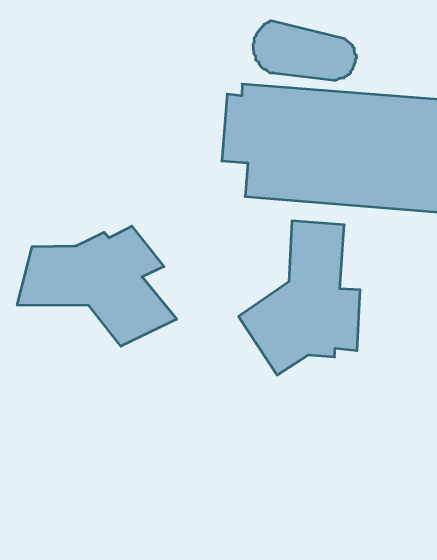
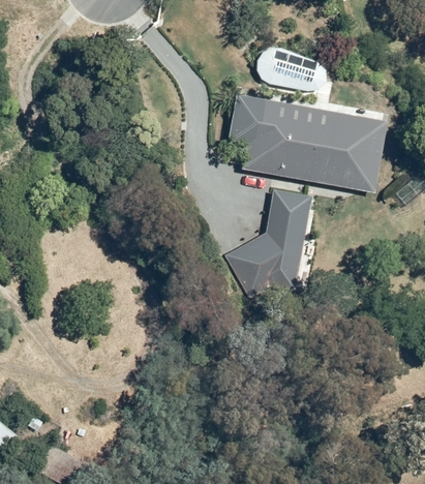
building: [17,226,177,346] -> none

